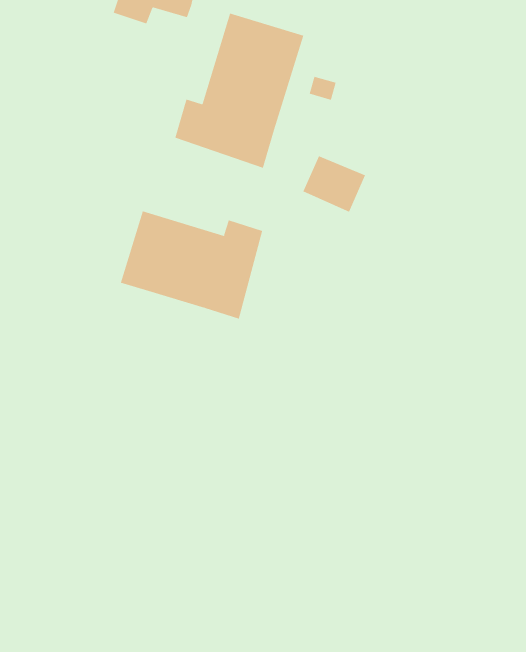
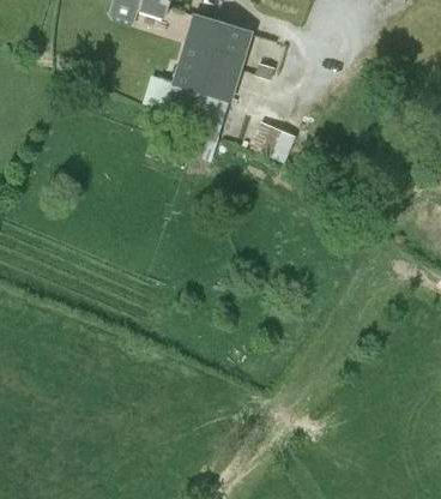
building: [120,210,263,320] -> none

